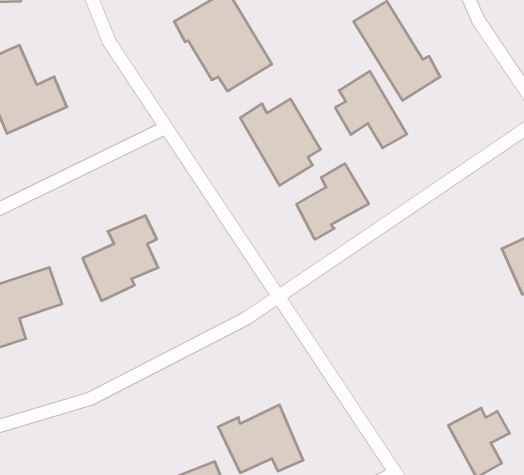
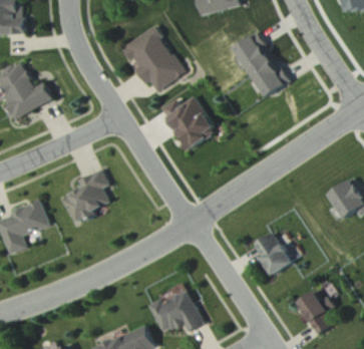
building: [335,71,407,148] -> none
building: [297,164,369,239] -> none
building: none -> [253,233,292,275]

